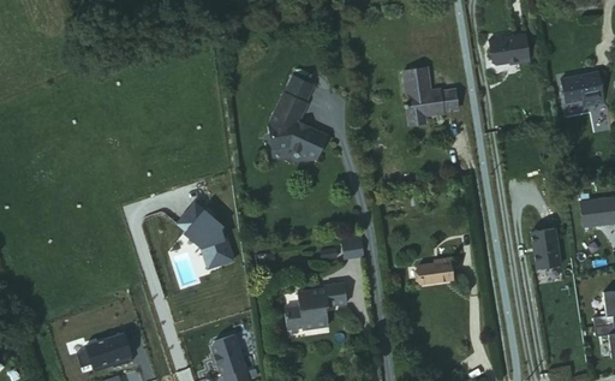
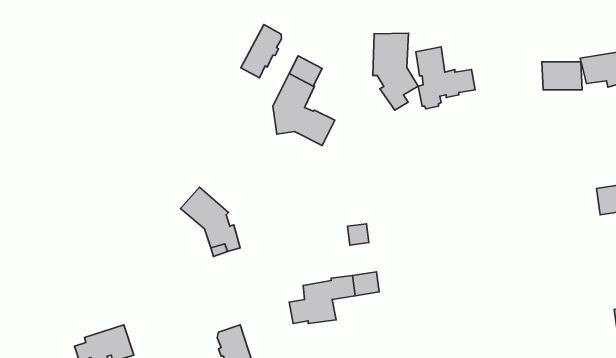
building: [492,37,531,64] -> [542,62,582,90]
building: none -> [241,24,282,78]
building: none -> [373,33,418,110]
building: [531,228,560,269] -> none
building: [420,258,455,285] -> none

